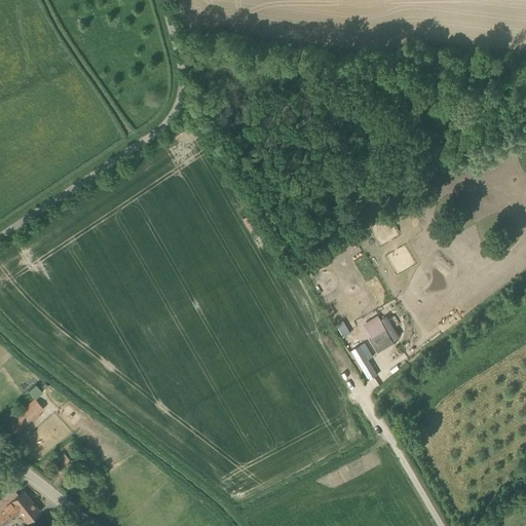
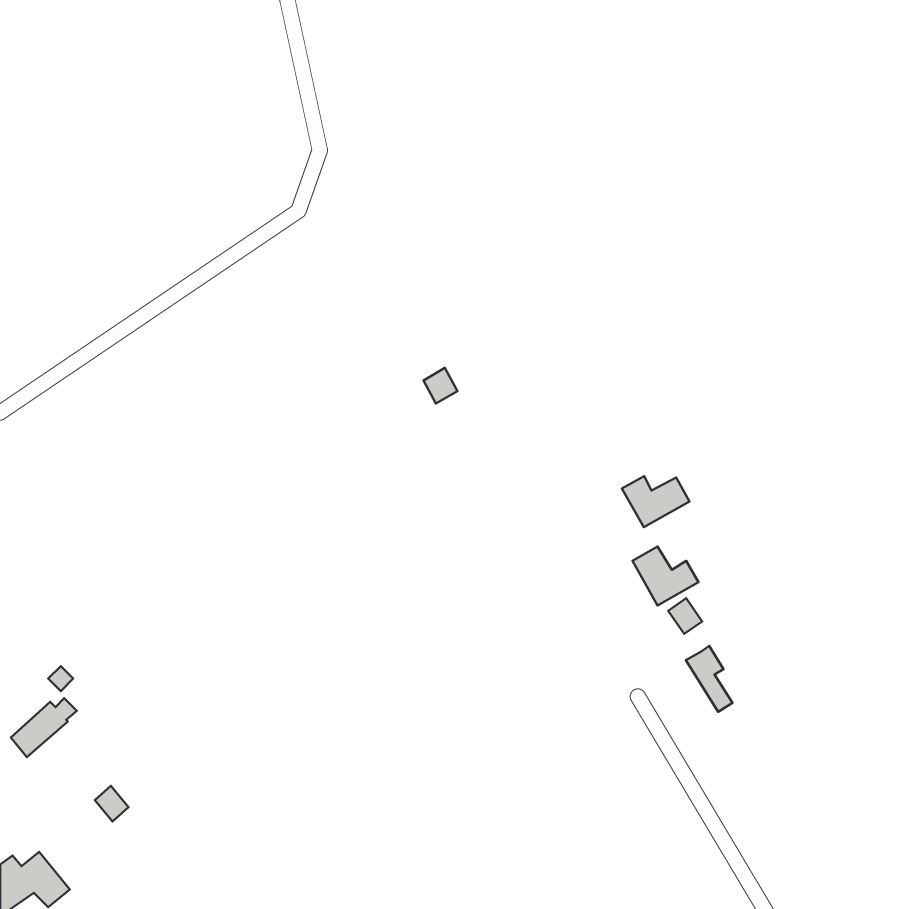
building: none -> [622,476,689,527]
building: [351,343,378,381] -> [686,646,732,712]

